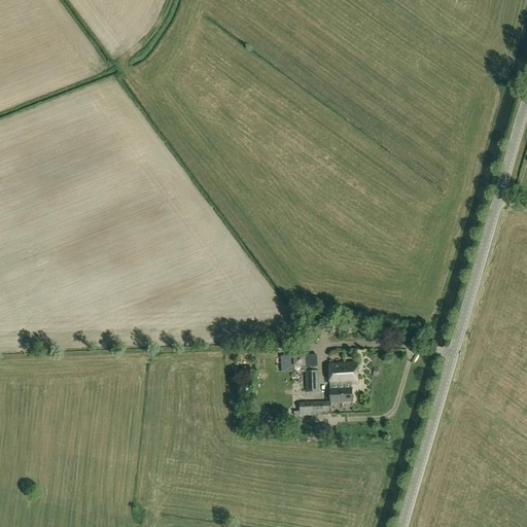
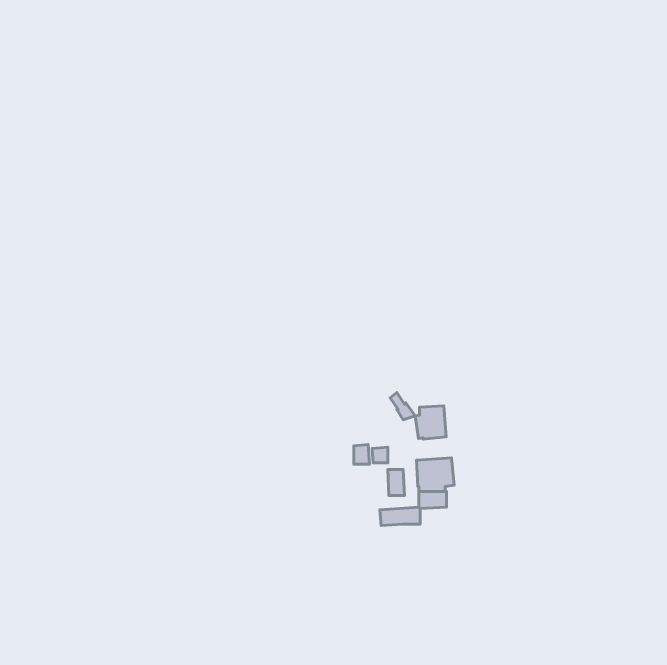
building: none -> [415,406,446,439]

